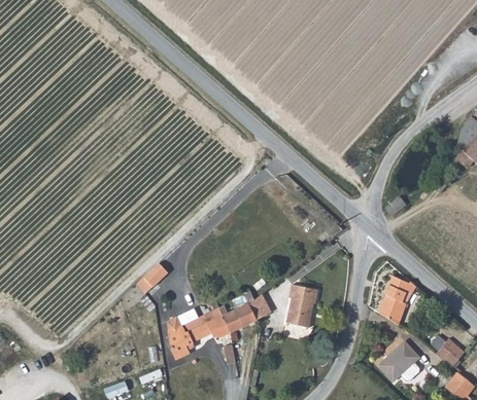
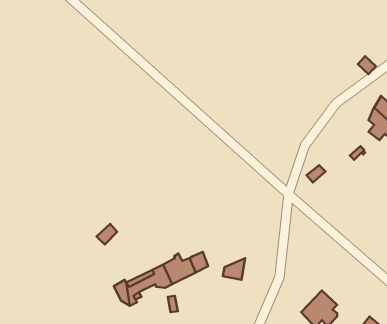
building: [377,276,416,321] -> none
building: [289,284,316,313] -> none
building: [434,336,464,364] -> none

